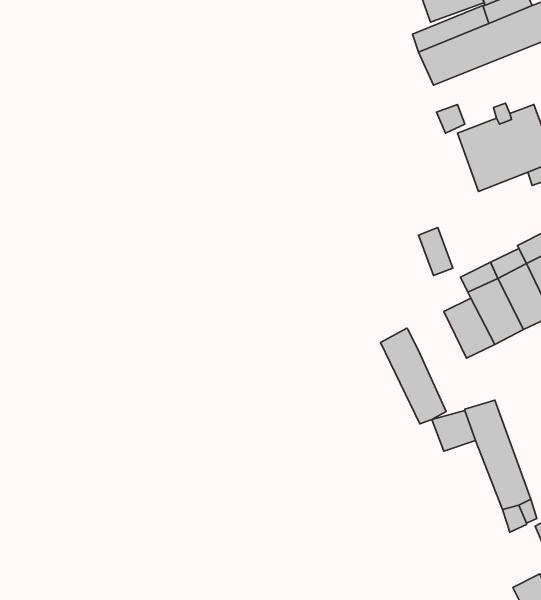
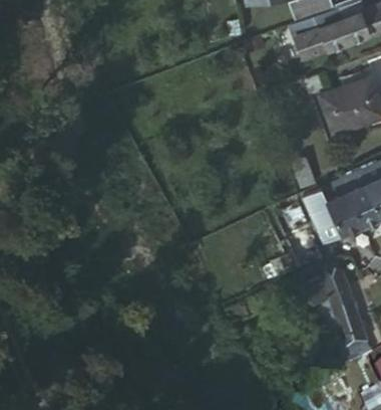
building: [380,328,446,424] -> none

